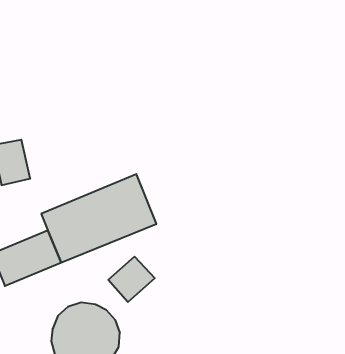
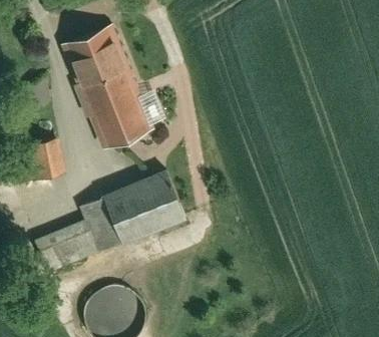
building: none -> [64,27,149,143]
building: [108,257,155,302] -> none

